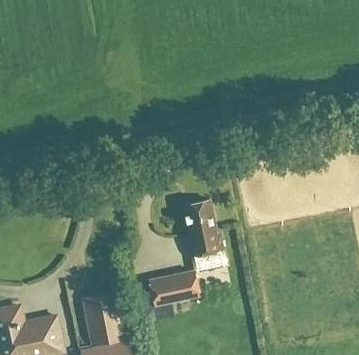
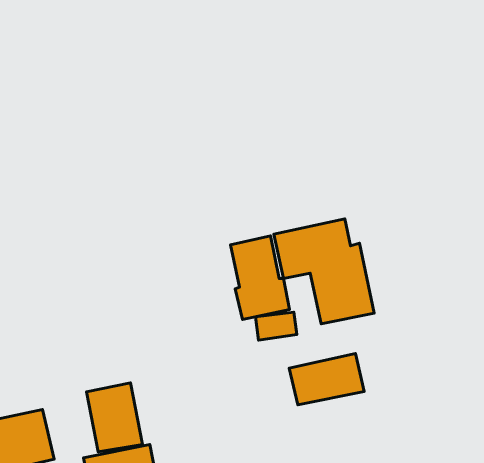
building: none -> [274,219,374,324]
building: [148,270,199,305] -> [289,353,364,405]

